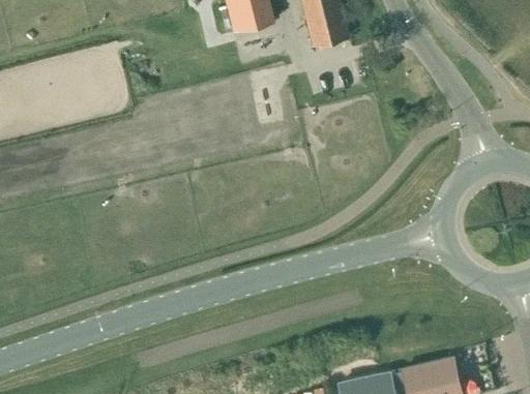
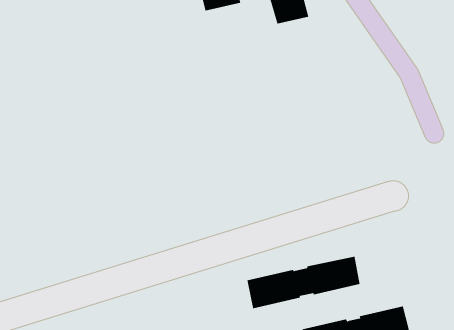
building: none -> [247,256,360,309]

